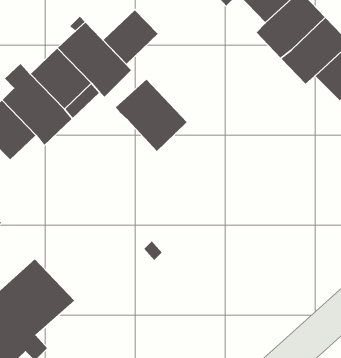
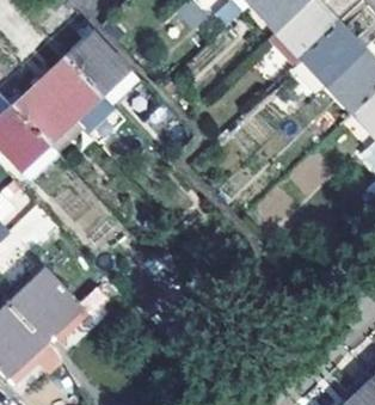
building: [103,9,158,64] -> none
building: [115,79,187,152] -> none

